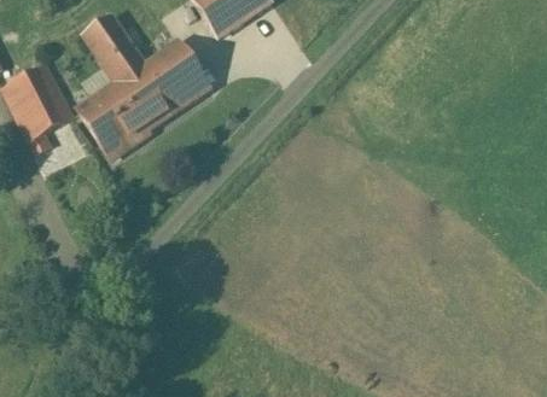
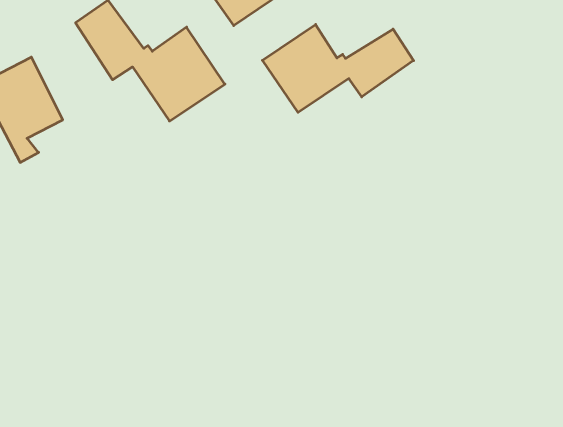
building: none -> [262,24,414,112]
building: [85,71,163,148] -> none

